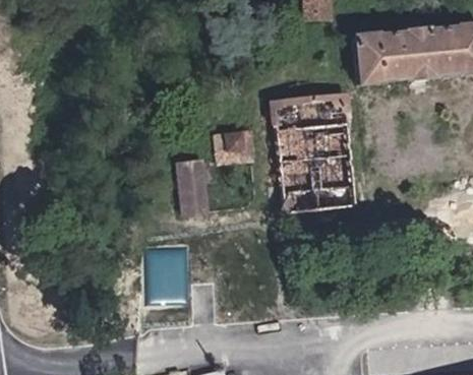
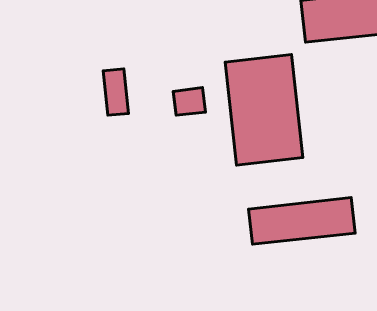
building: [180,161,208,210] -> [103,69,129,115]
building: none -> [249,197,355,244]

